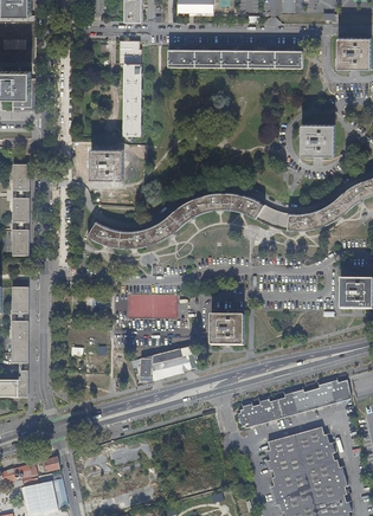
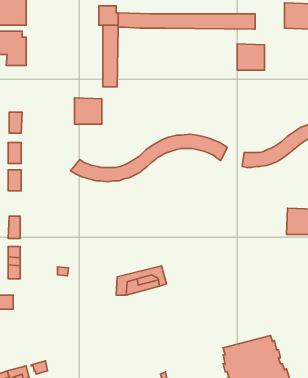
building: [301,123,333,154] -> [237,44,264,70]
building: [127,294,172,316] -> none
building: [210,314,243,343] -> none
building: [236,380,348,428] -> none

